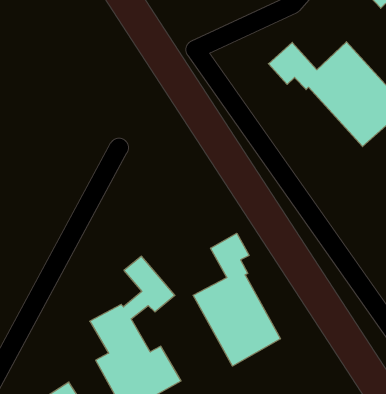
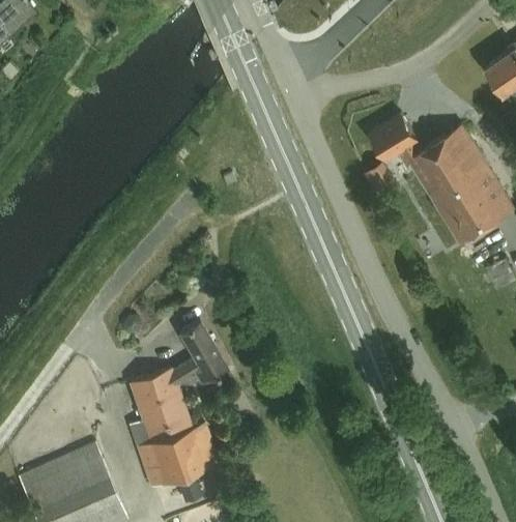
building: [193,233,280,366] -> none

